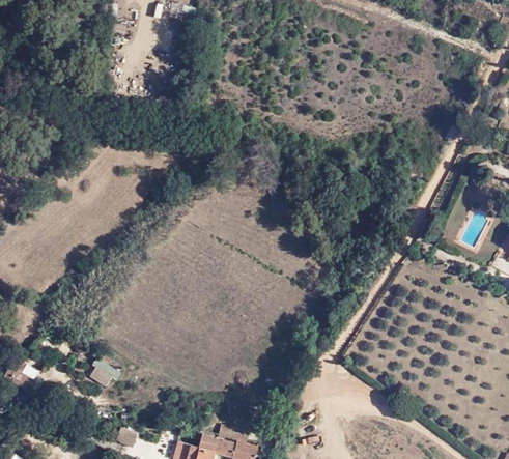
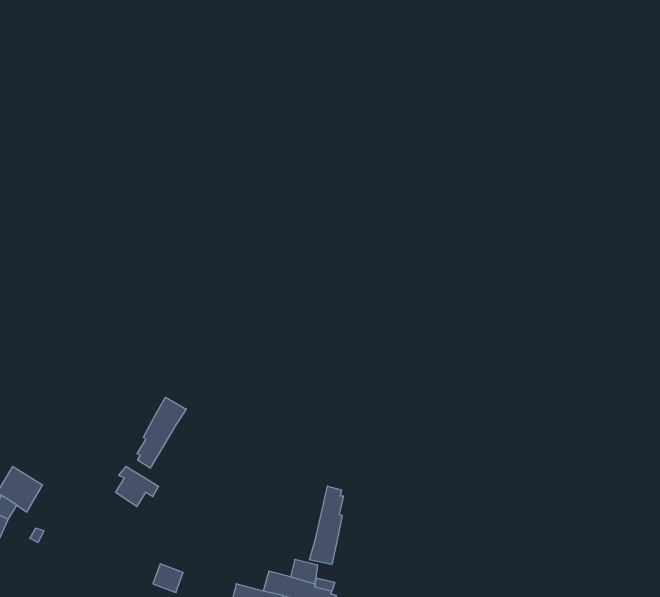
building: none -> [137,397,186,468]
building: none -> [310,486,344,564]

